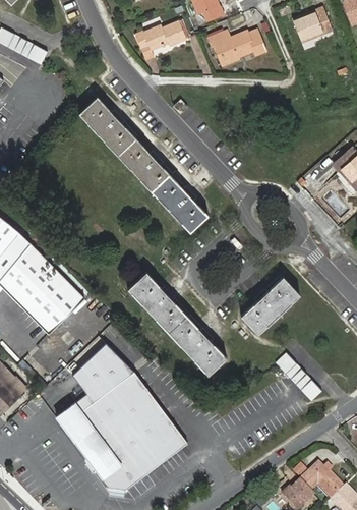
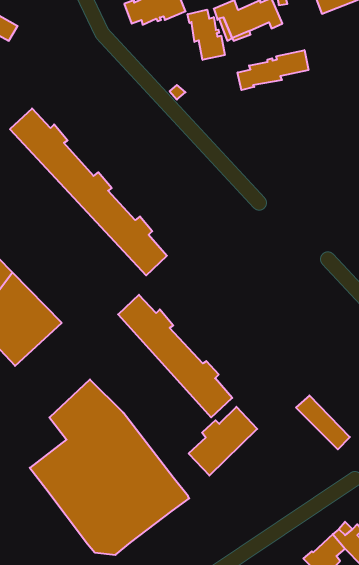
building: none -> [188,10,225,60]
building: none -> [238,50,308,90]
building: [78,97,209,235] -> [10,108,167,275]
building: [240,278,297,335] -> [189,407,257,476]

